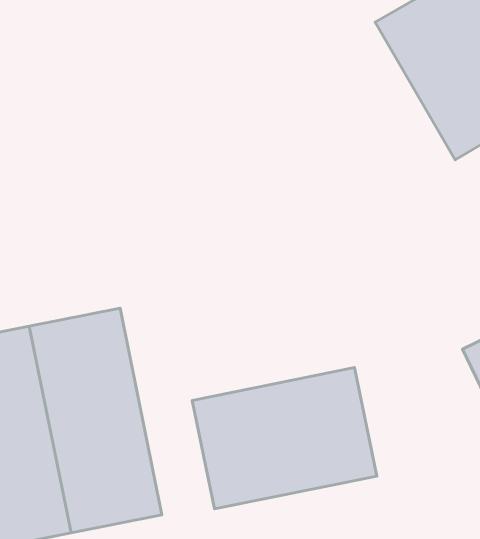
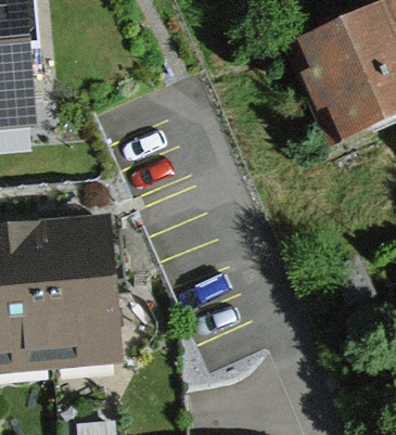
building: [192,368,377,509] -> none

